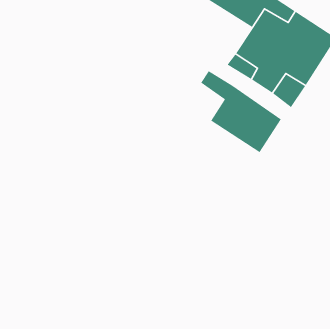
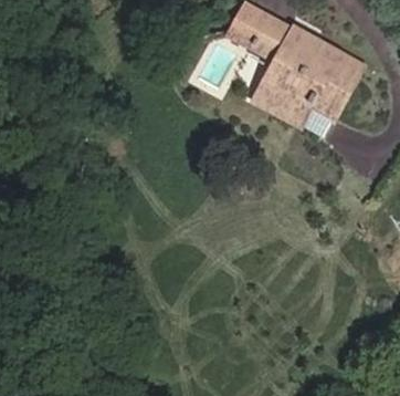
building: [200,70,282,153] -> none

